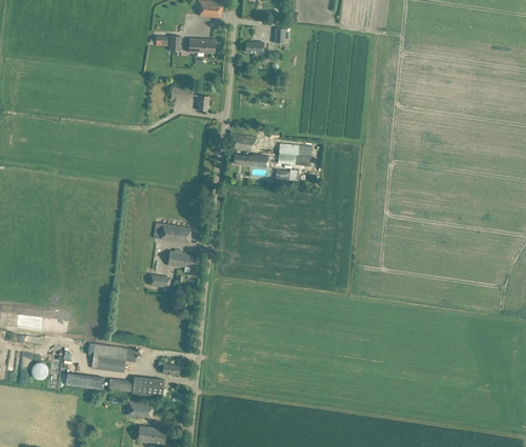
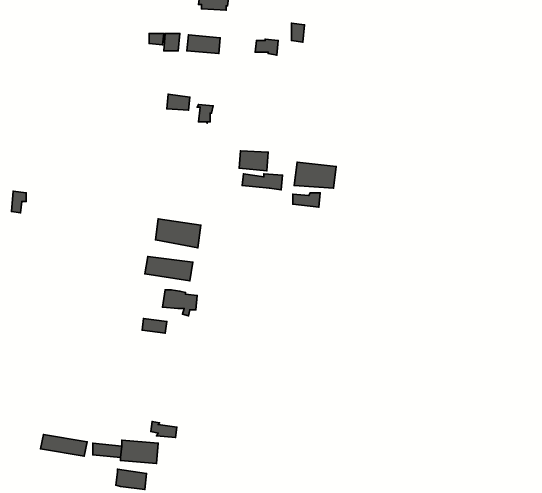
building: none -> [155,219,201,248]
building: [92,344,137,372] -> none

